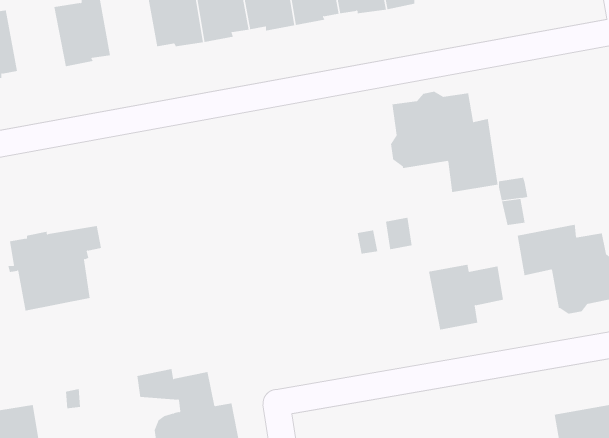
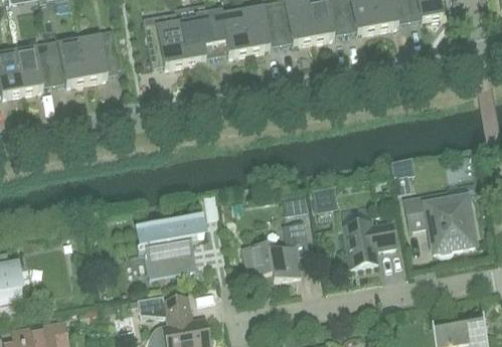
building: none -> [45,38,87,84]
building: [390,91,498,193] -> none
building: [8,225,102,311] -> [137,217,203,278]
building: none -> [242,220,309,280]

